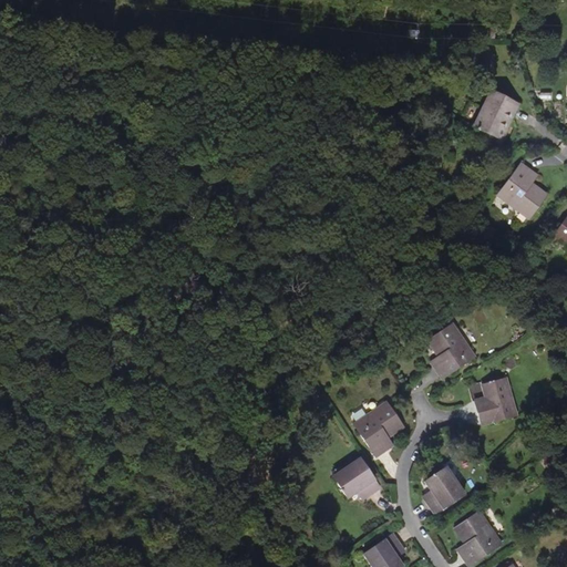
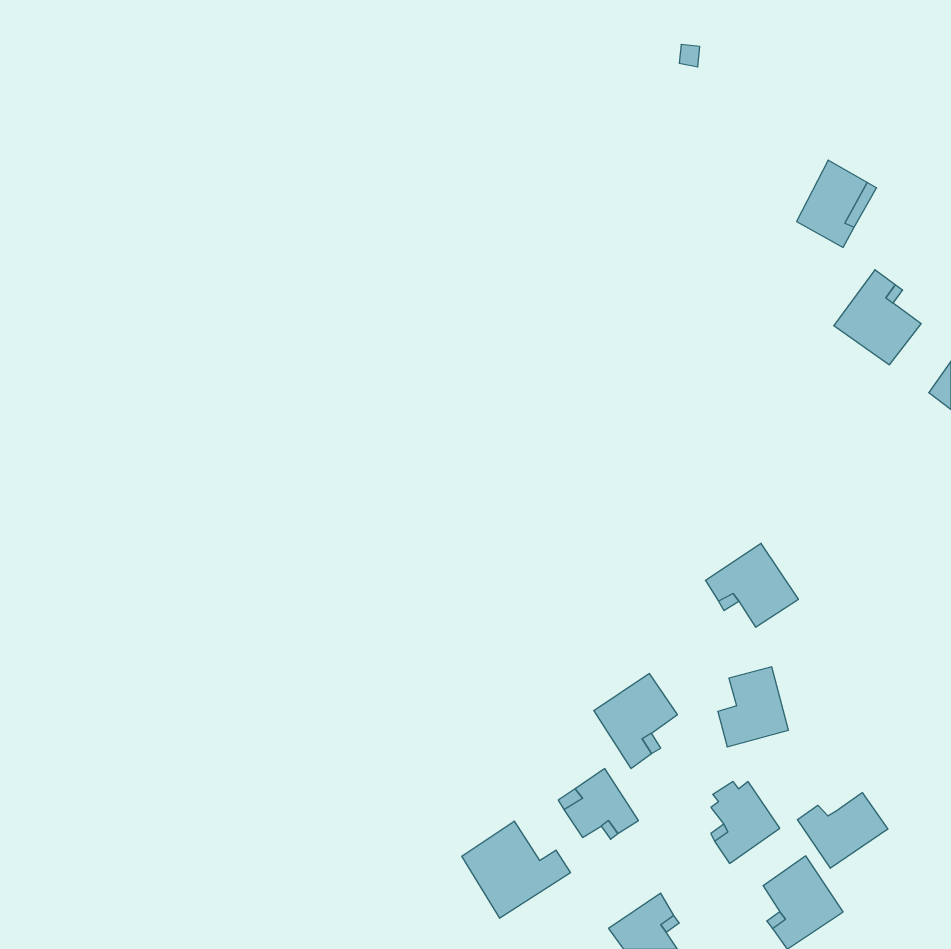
building: [473,378,515,425] -> [718,667,788,747]
building: none -> [797,793,888,868]
building: none -> [462,821,570,918]

